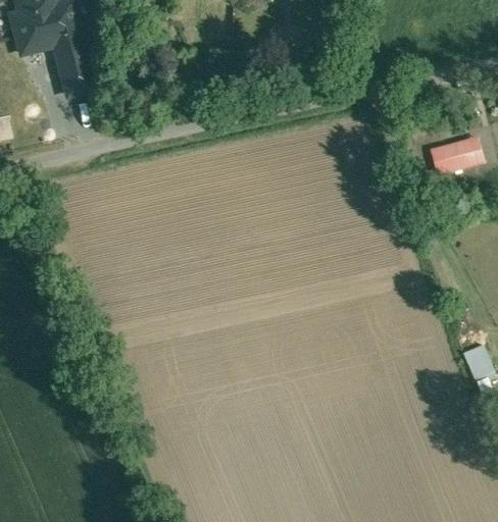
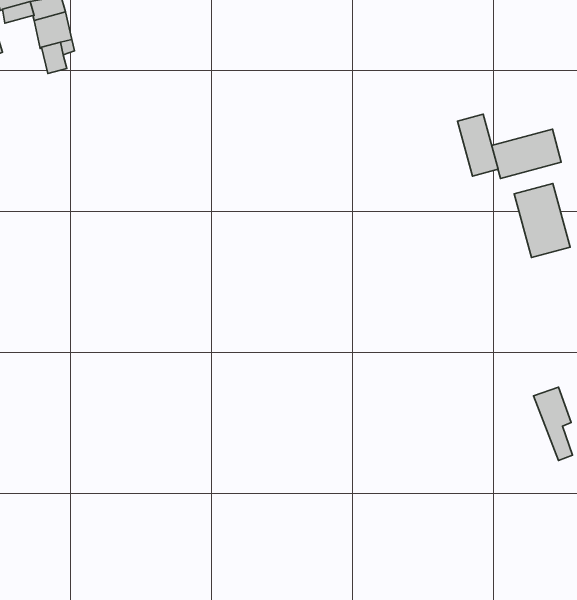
building: none -> [457,114,498,176]
building: none -> [514,183,570,258]

